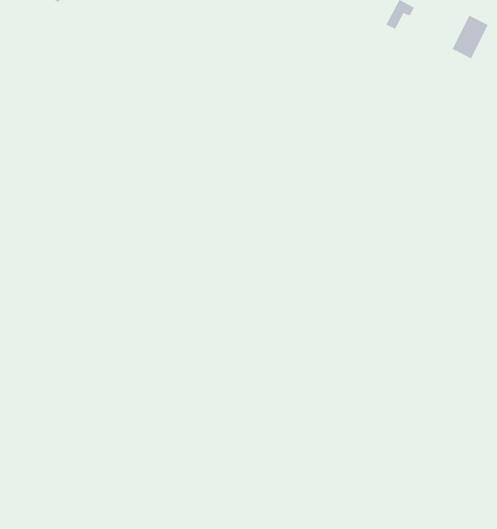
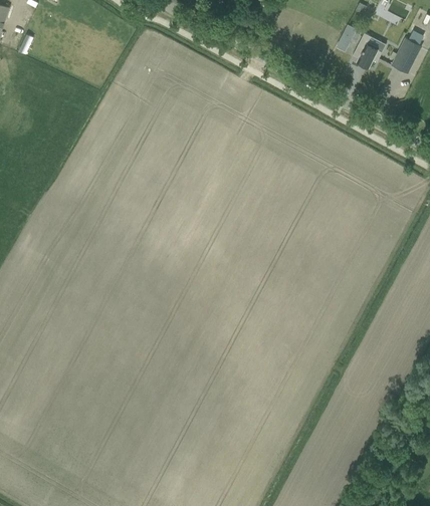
building: none -> [353,33,382,67]

